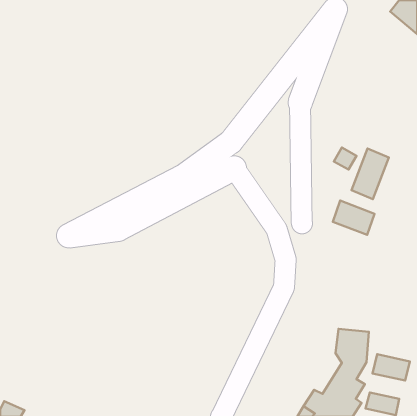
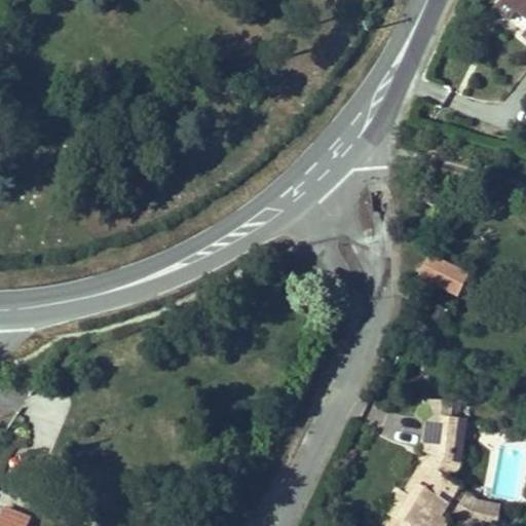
building: [352,148,389,199] -> none
building: [372,354,410,381] -> none

